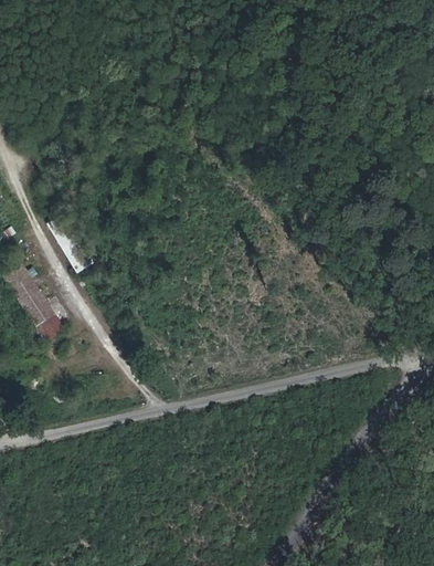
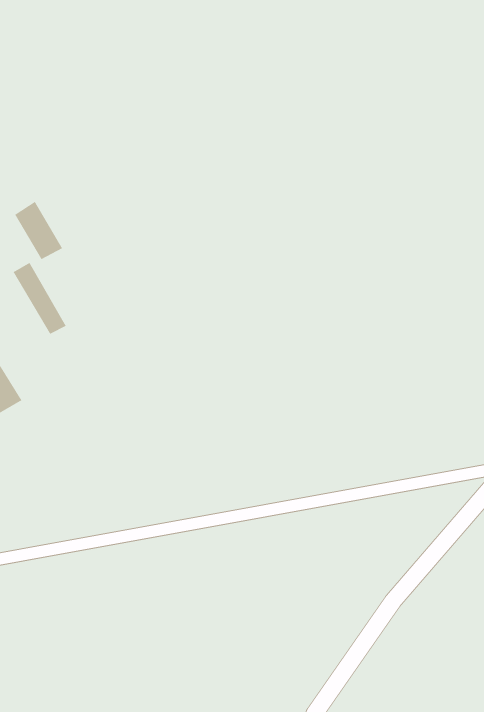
building: none -> [14,201,63,260]

